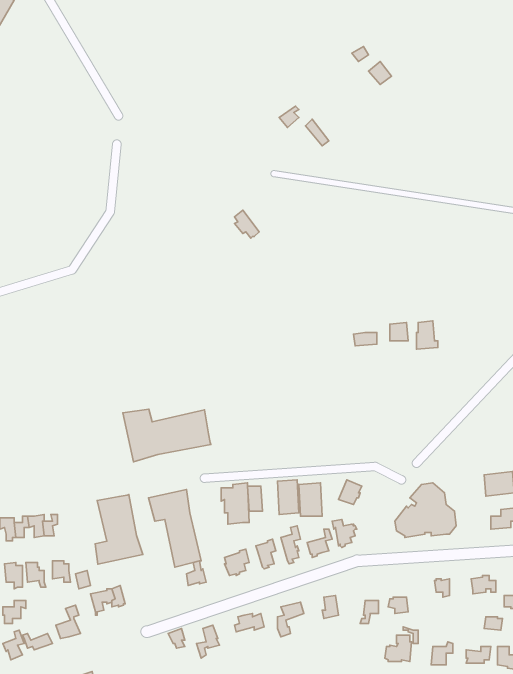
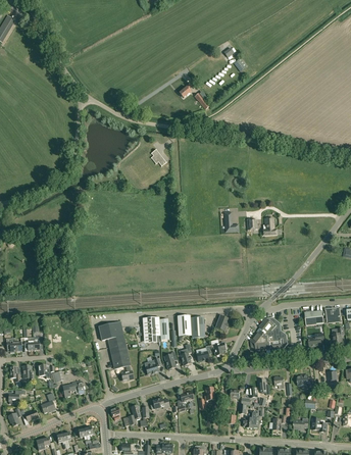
building: [123,409,211,462] -> none
building: [95,494,143,564] -> none

